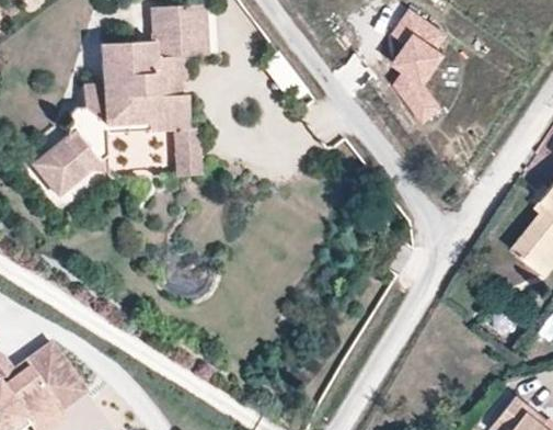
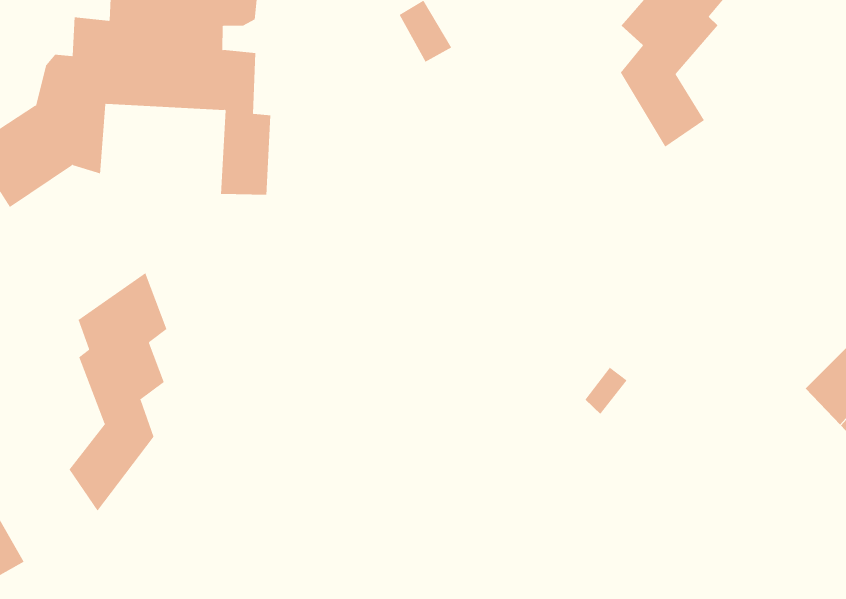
building: none -> [69,272,167,512]

